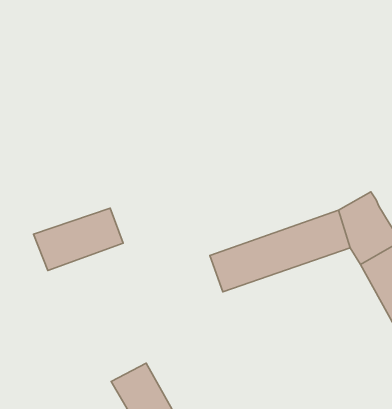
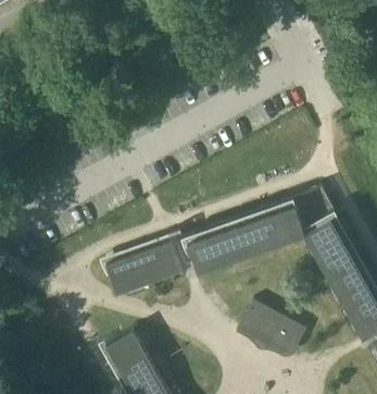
building: [33,208,123,270] -> [104,242,179,294]
building: none -> [237,300,298,353]

